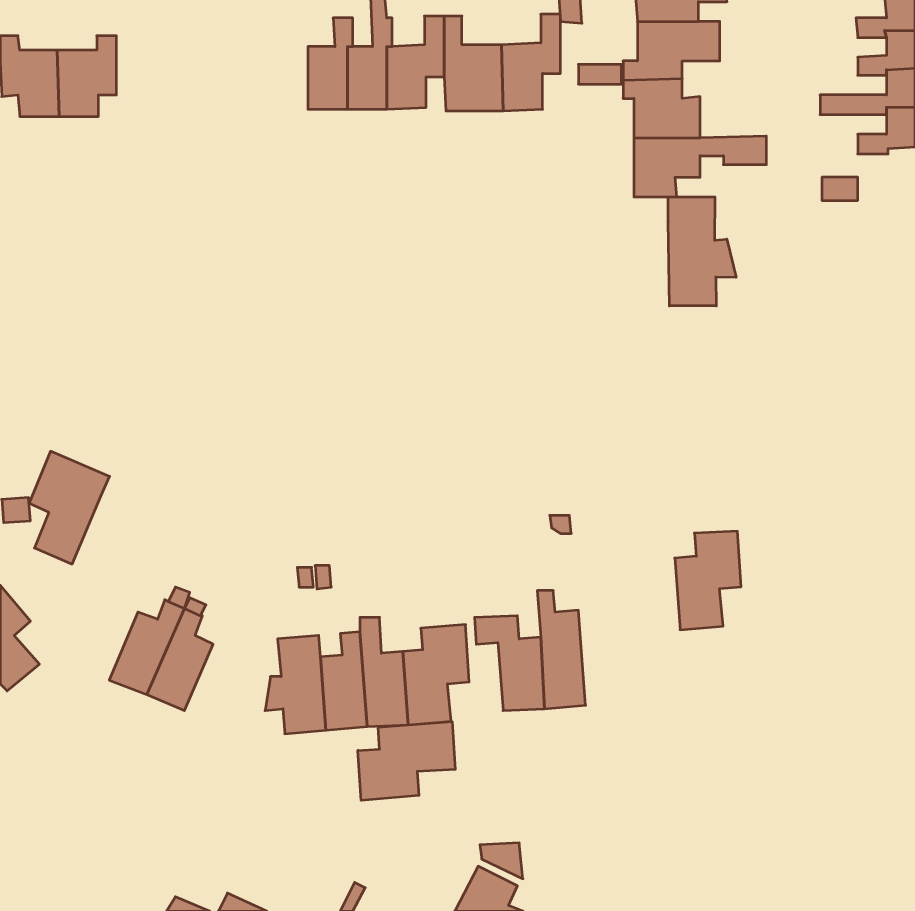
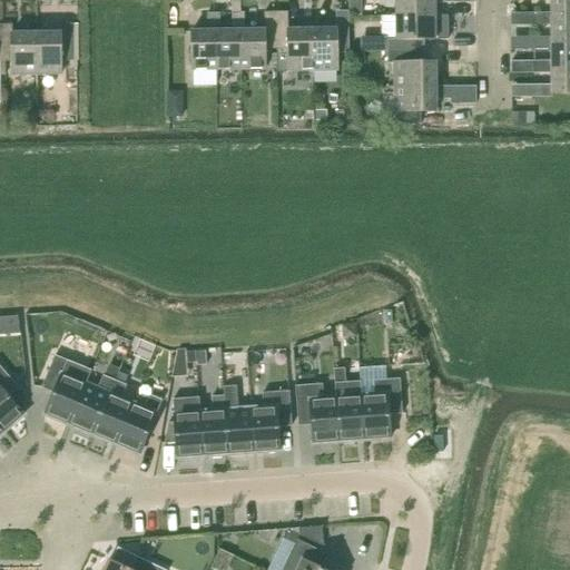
building: [668,197,736,306] -> none
building: [29,451,110,564] -> [41,353,91,423]
building: [675,531,741,630] -> [361,377,402,439]
building: none -> [115,393,163,452]
building: [358,722,455,800] -> none

